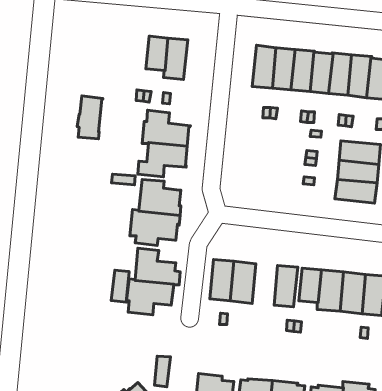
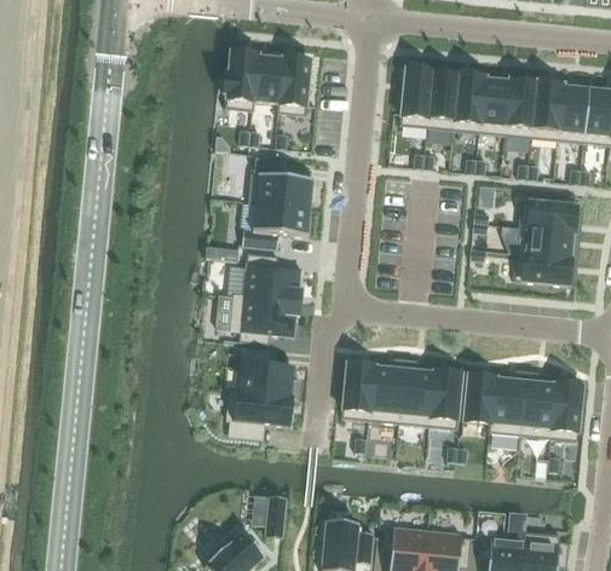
building: [77,96,103,139] -> [224,48,259,108]
building: none -> [399,367,434,423]
building: [111,270,129,302] -> none

